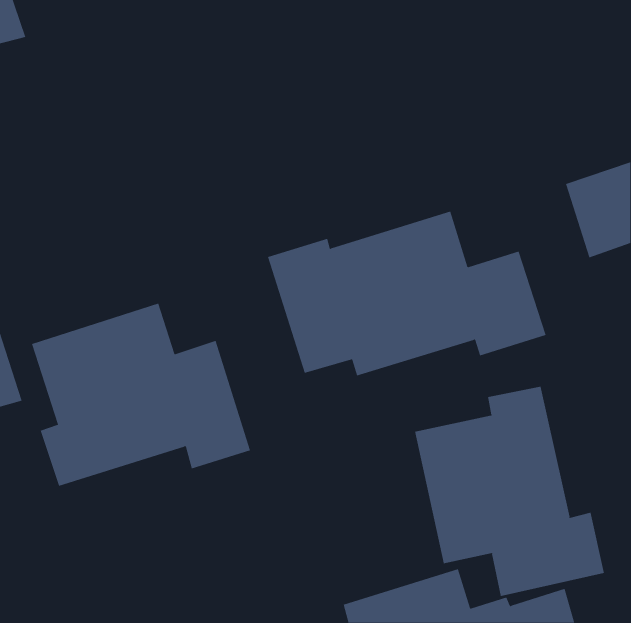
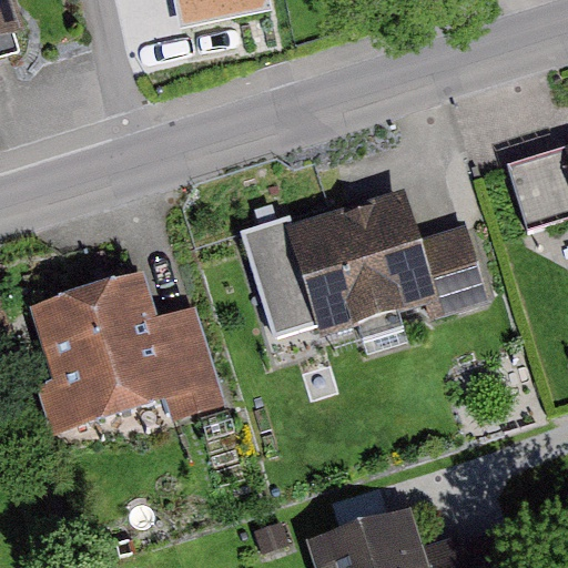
building: [415,386,605,597] -> none

